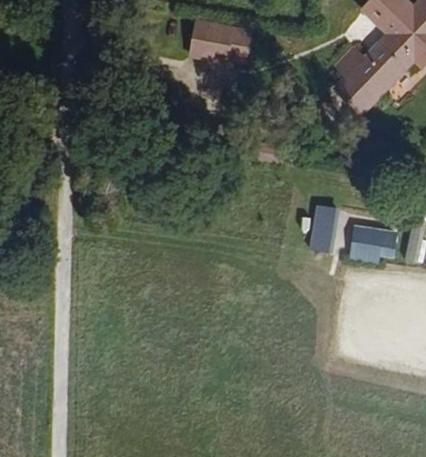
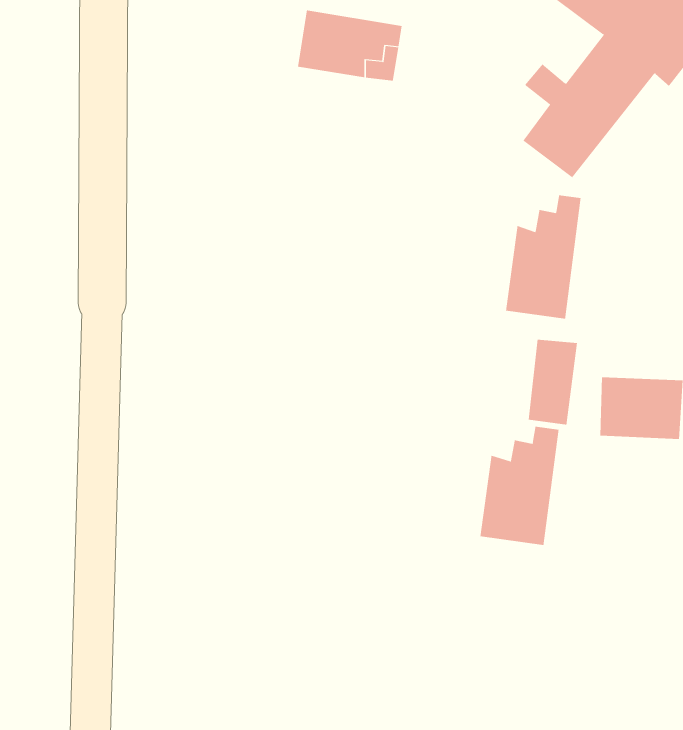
building: none -> [505,195,581,320]
building: none -> [480,426,559,546]

